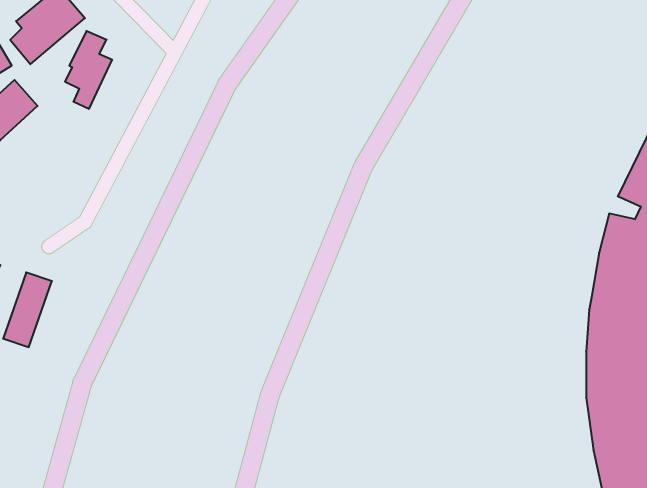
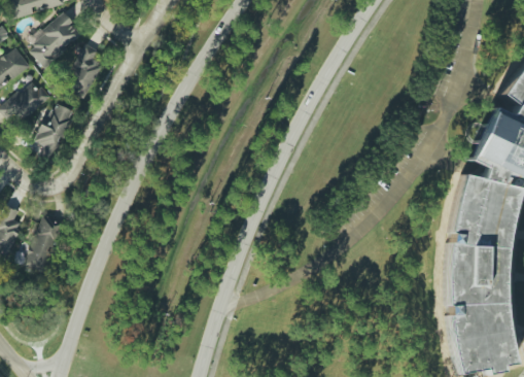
building: none -> [39,100,77,160]

